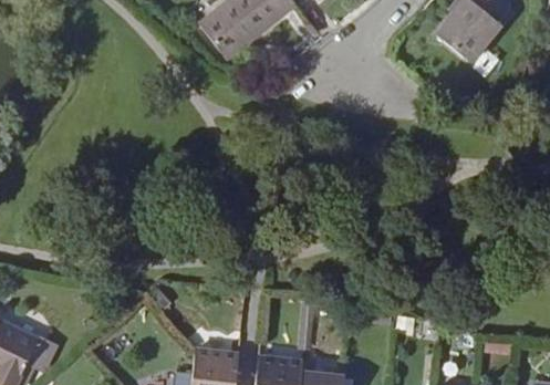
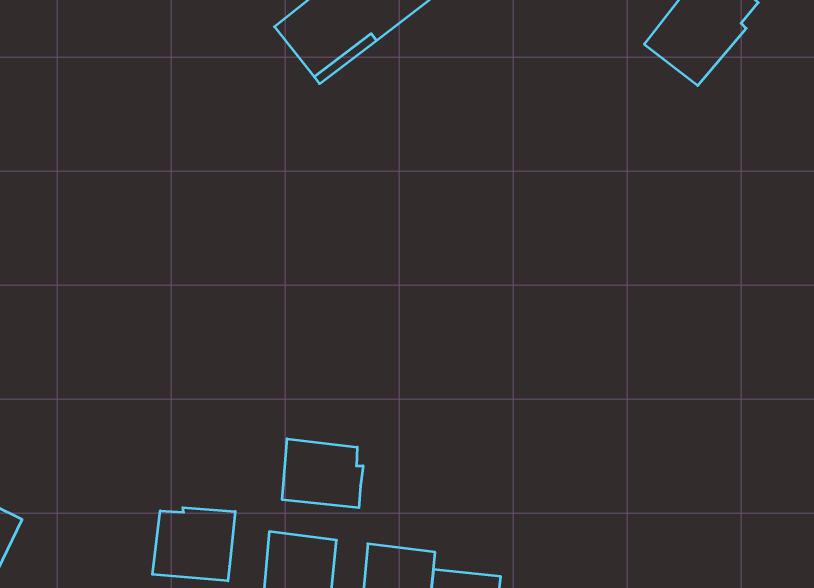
building: none -> [282,439,363,508]
building: none -> [152,508,235,581]

